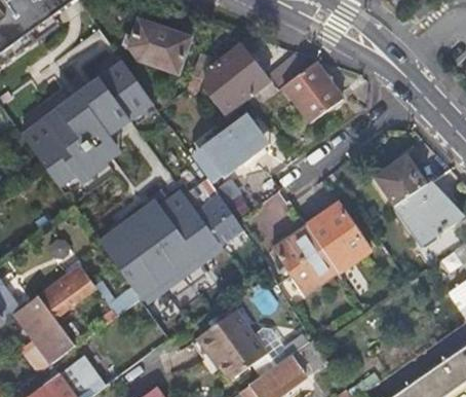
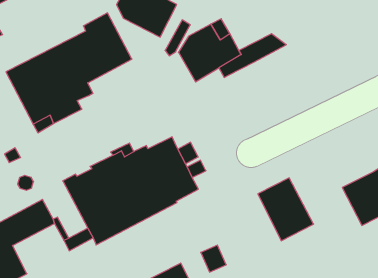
building: [282,62,342,122] -> none
building: [191,113,270,184] -> none
building: [375,156,426,206] -> none
building: [274,225,339,295] -> none

